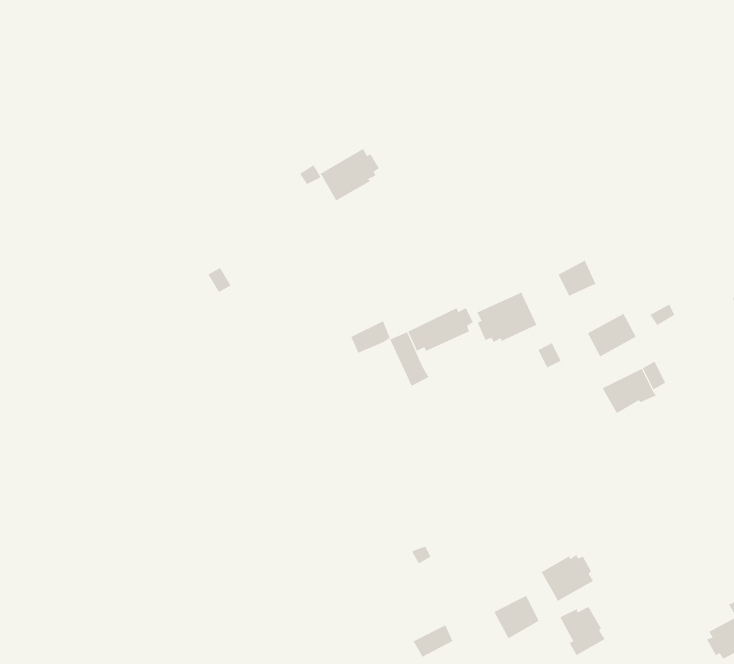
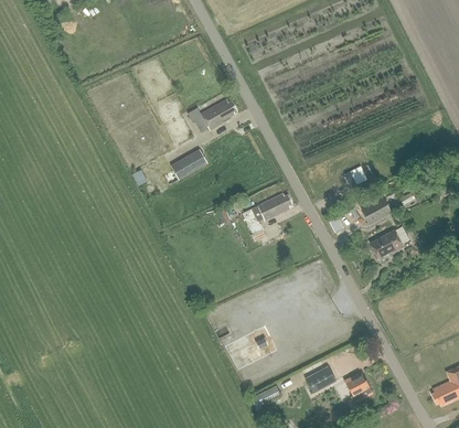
building: none -> [170,149,207,180]
building: [476,291,537,343] -> none
building: [541,554,594,602] -> none

